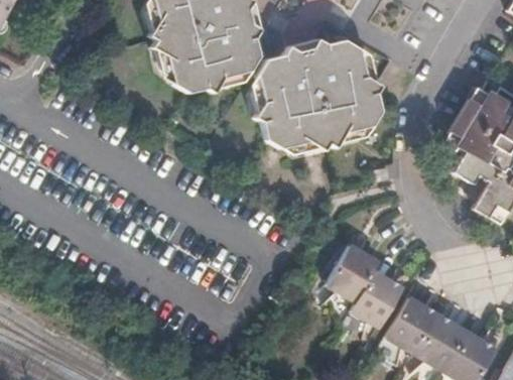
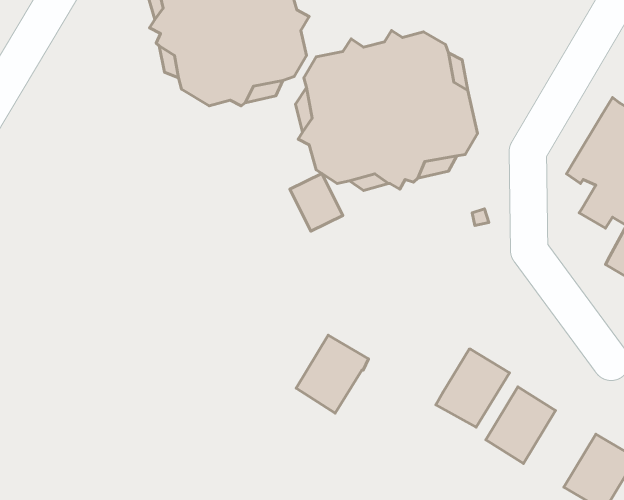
building: none -> [290,174,343,231]
building: [329,243,381,299] -> [296,335,369,413]
building: [415,312,468,368] -> none

